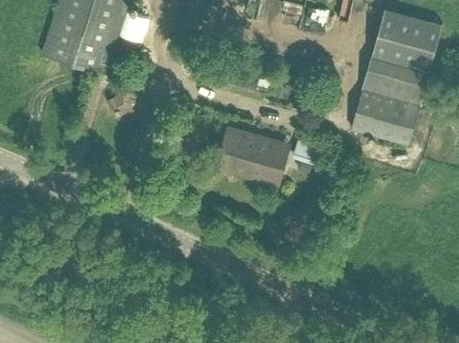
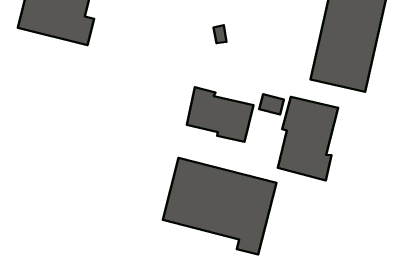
building: none -> [278,97,338,180]
building: none -> [163,158,276,254]

